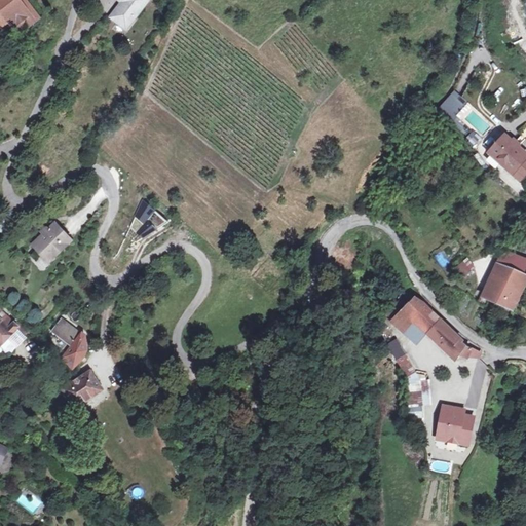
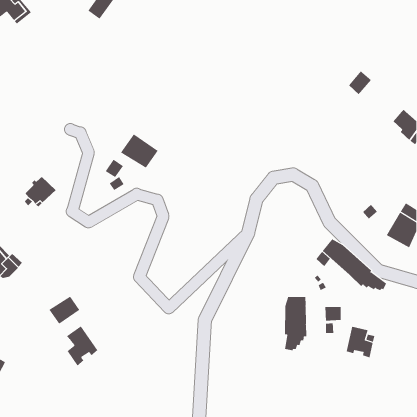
building: none -> [120,134,158,169]
building: [50,315,86,367] -> none
building: none -> [285,296,307,351]
building: none -> [66,325,98,366]

